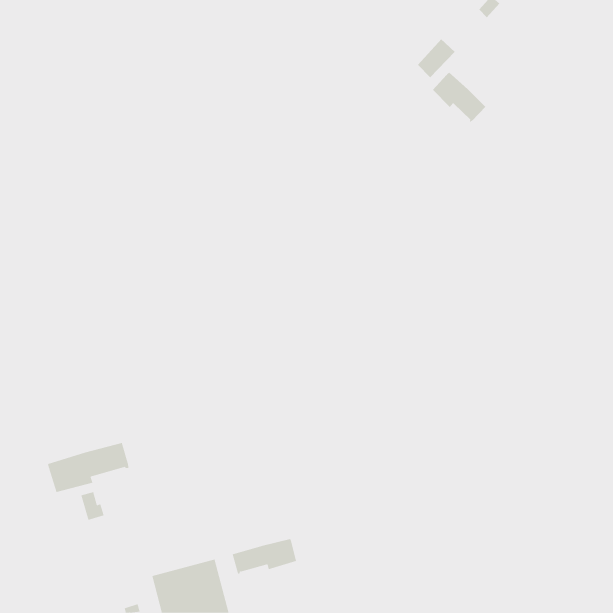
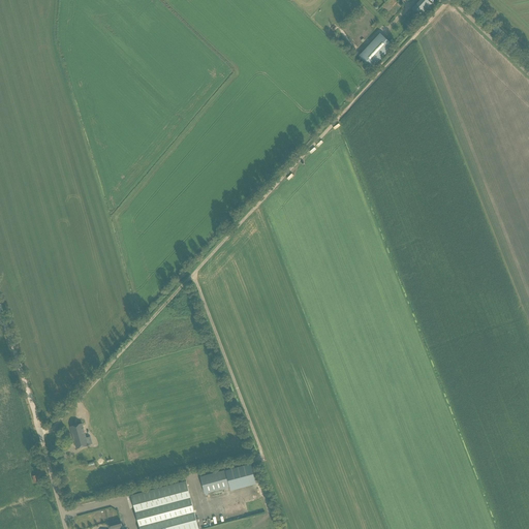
building: [432,72,486,123] -> none
building: [48,442,129,493] -> none

